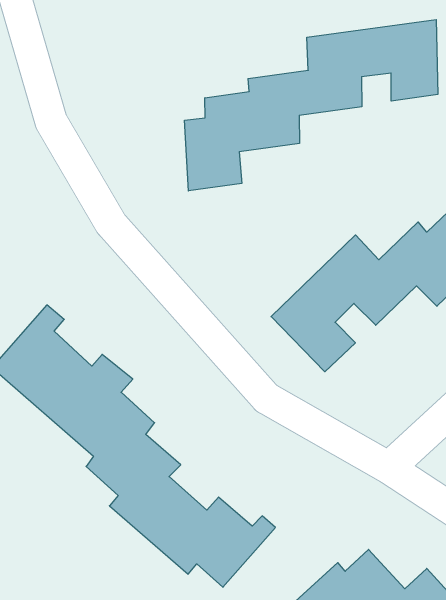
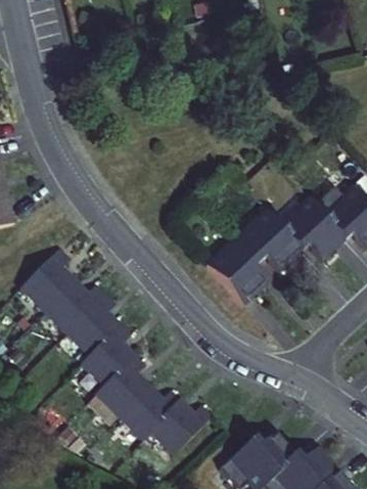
building: [185,20,438,191] -> none

